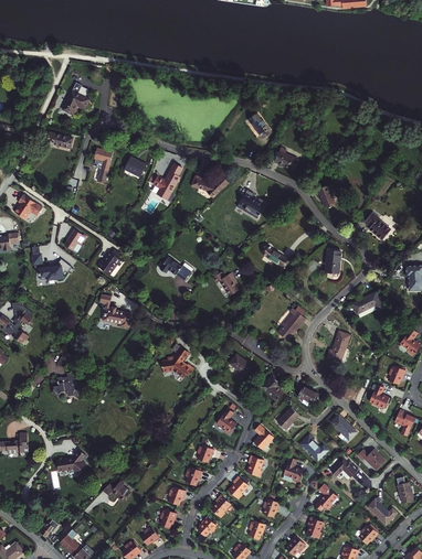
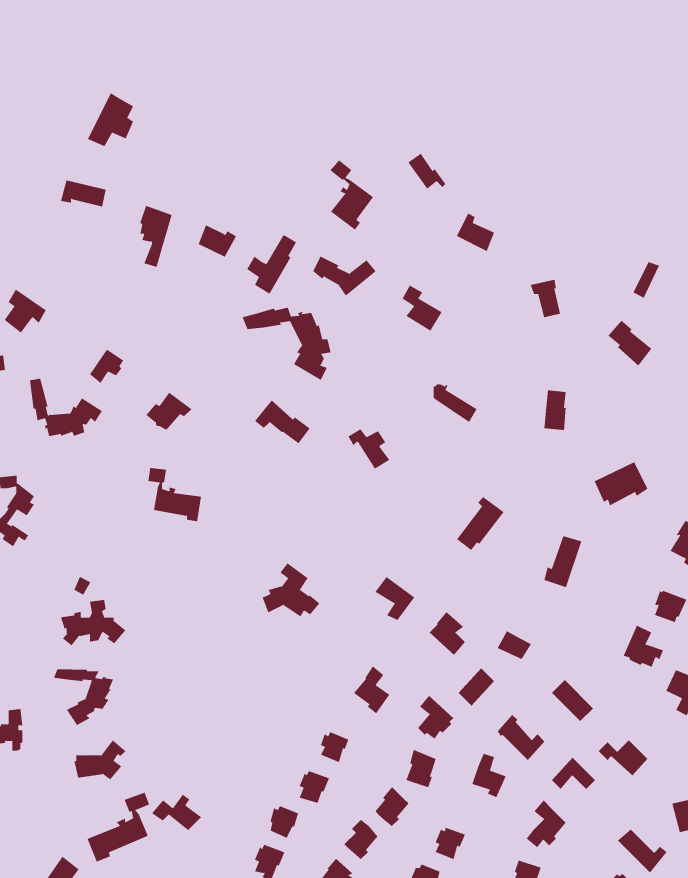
building: none -> [329,160,374,230]
building: none -> [242,307,331,381]
building: none -> [53,668,114,726]
building: none -> [87,792,150,862]

